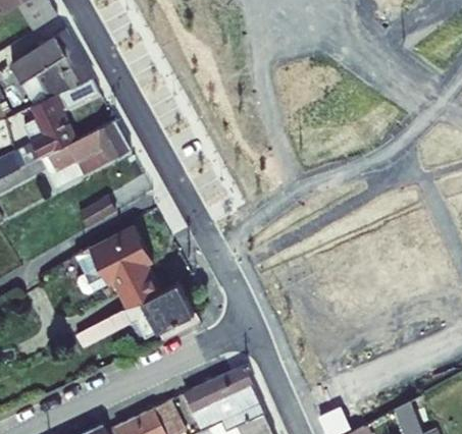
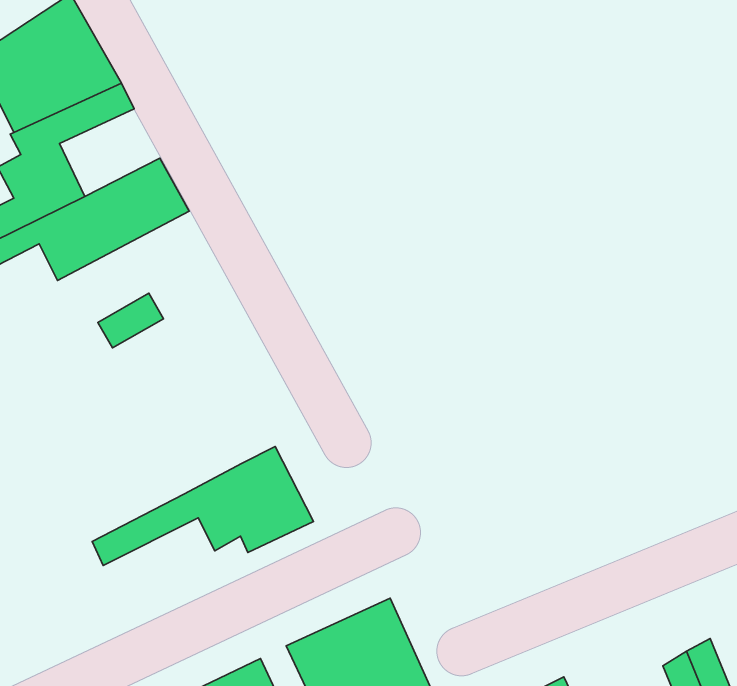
building: [73,226,158,309] -> none

